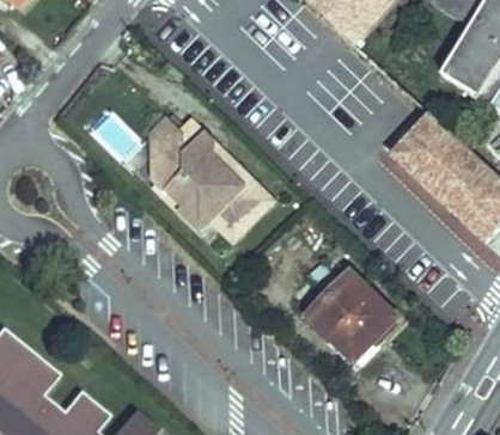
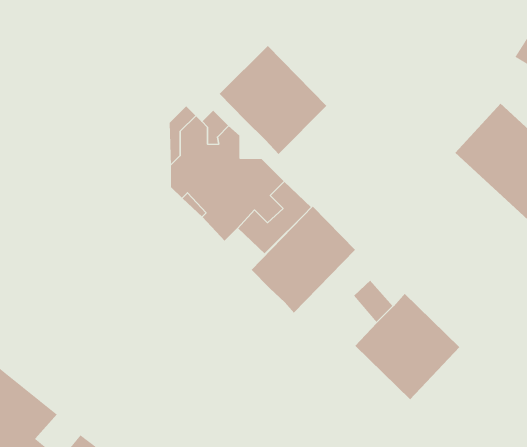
building: none -> [219,45,327,155]
building: none -> [251,206,356,313]

